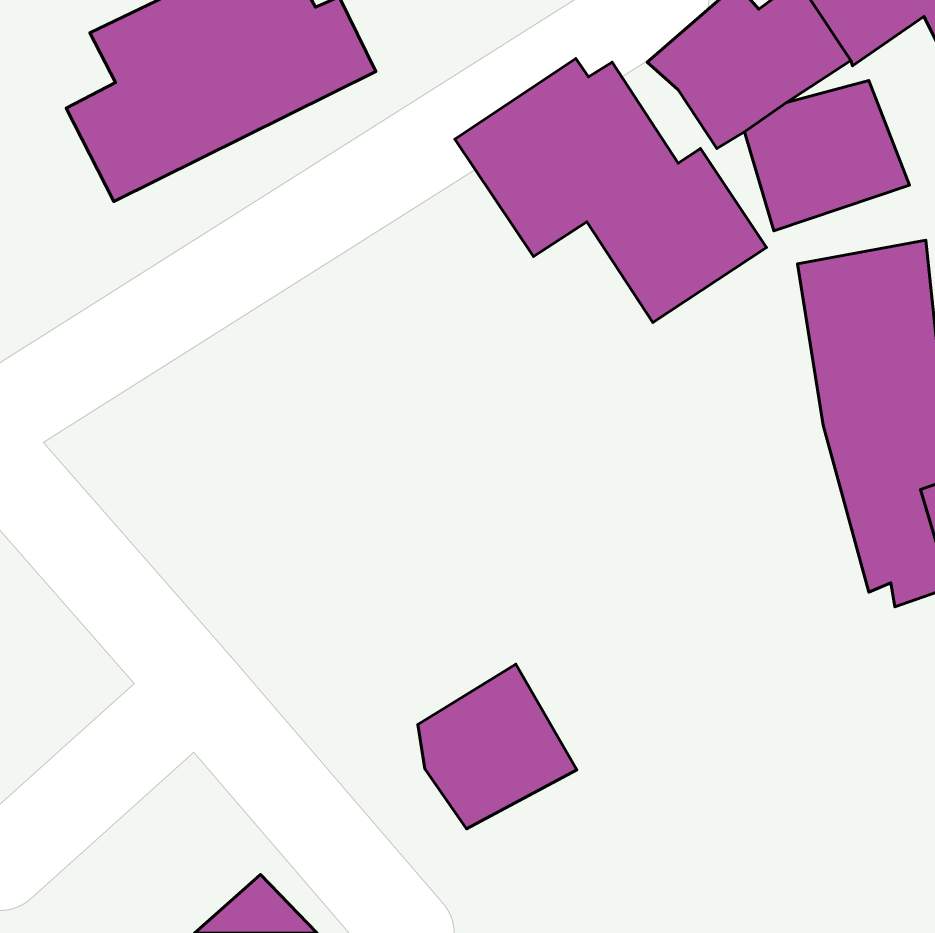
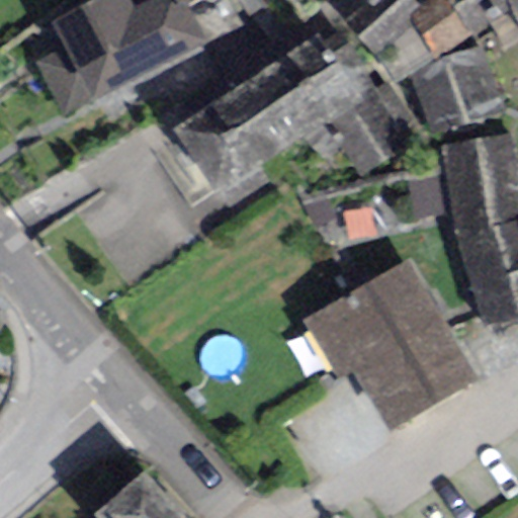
building: none -> [174,77,295,208]
building: none -> [303,258,478,428]
building: [418,664,577,829] -> none

